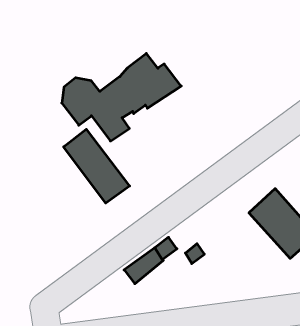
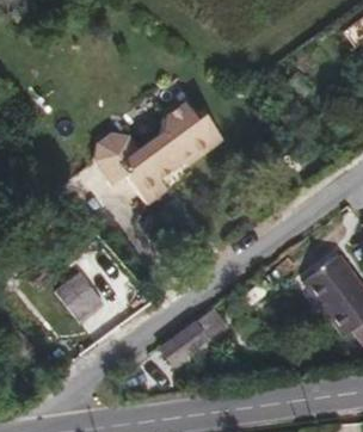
building: [64,129,130,203] -> none
building: none -> [56,271,104,320]

